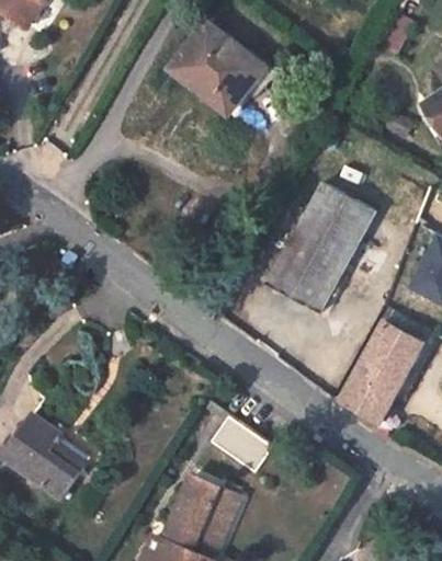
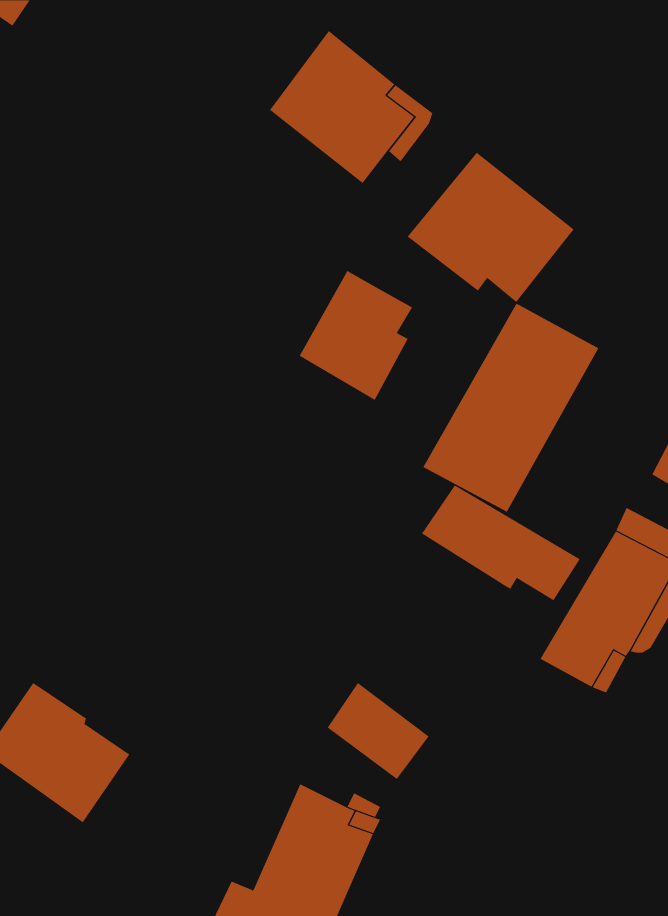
building: none -> [407,152,575,303]
building: none -> [299,270,413,401]
building: none -> [421,485,580,601]

